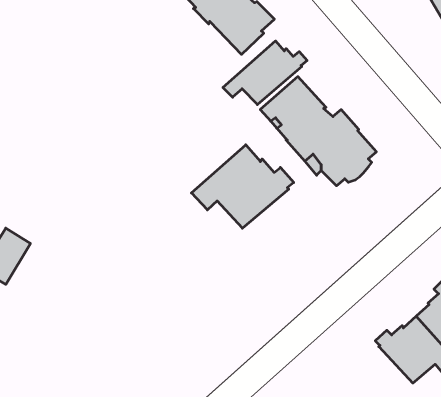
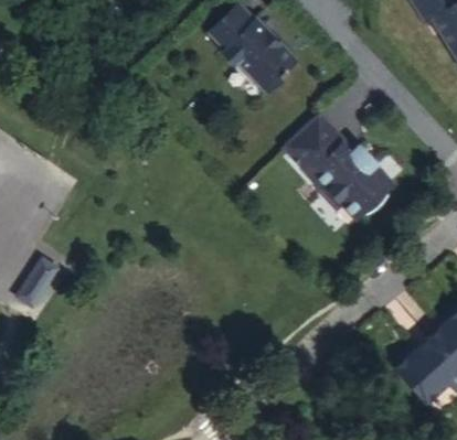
building: [223,41,307,105] -> none
building: [191,145,294,228] -> none

